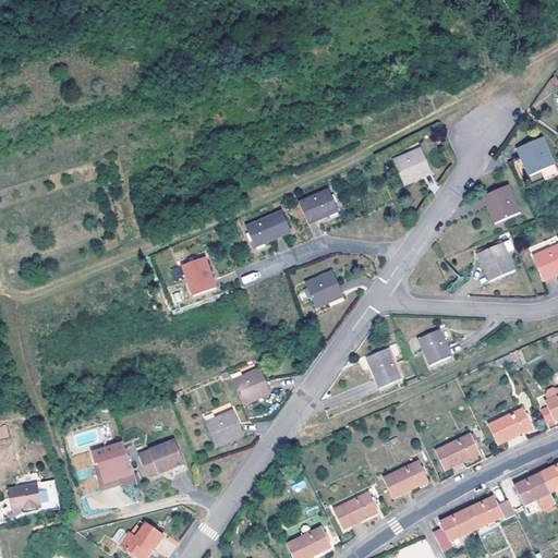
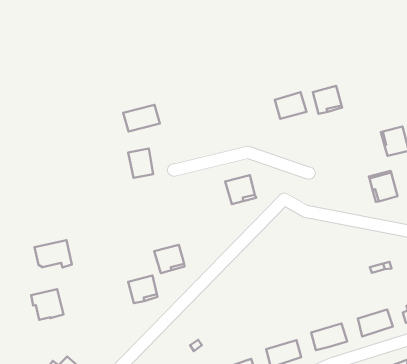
building: [299,187,339,223] -> [275,92,307,119]
building: [245,209,291,246] -> [123,105,160,132]
building: [418,329,450,364] -> none
building: [366,348,402,387] -> none
building: [137,438,185,475] -> [35,240,72,268]

